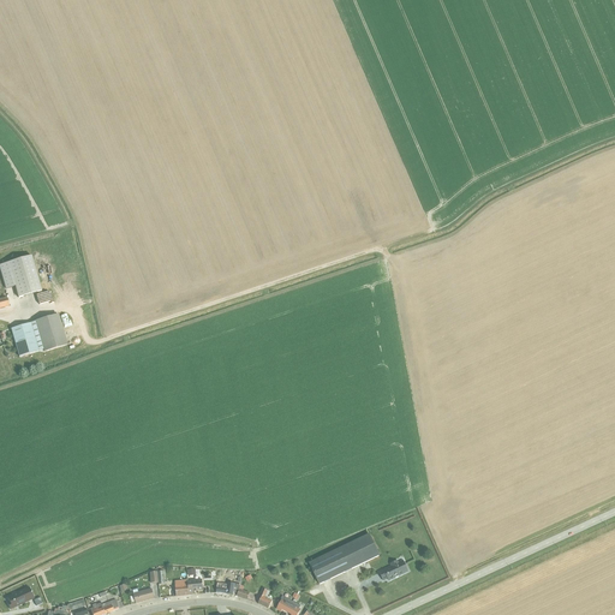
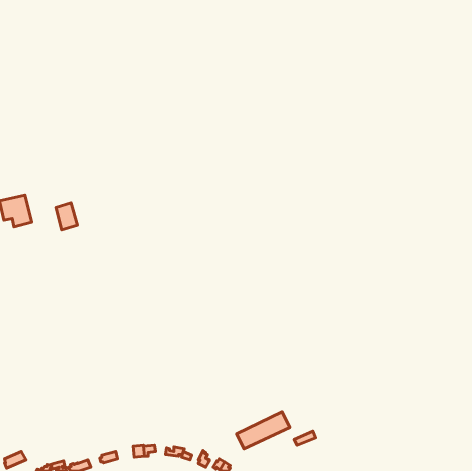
building: [35,316,62,351] -> [56,203,78,230]
building: [10,321,36,356] -> none

